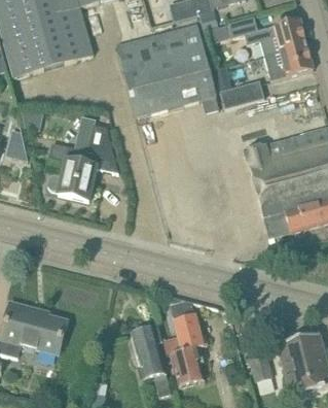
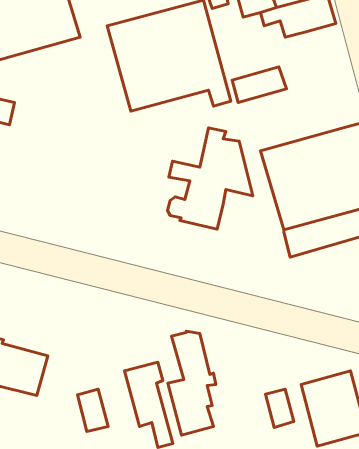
building: [265,43,313,80] -> none
building: [47,115,118,200] -> [168,128,253,229]
building: none -> [77,389,108,431]

